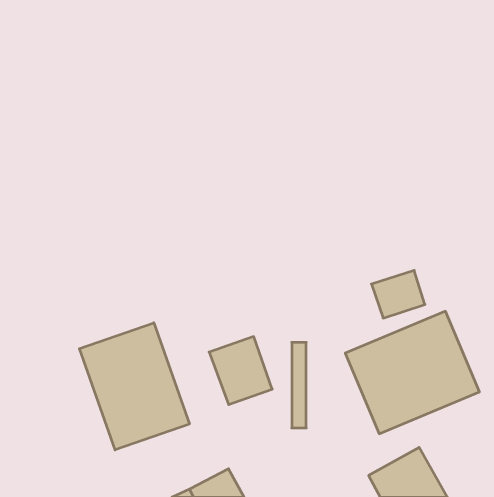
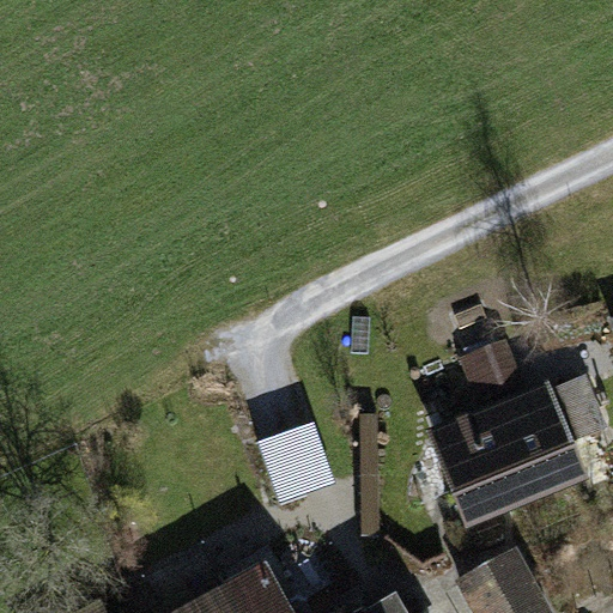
building: [79,323,189,450] -> none

